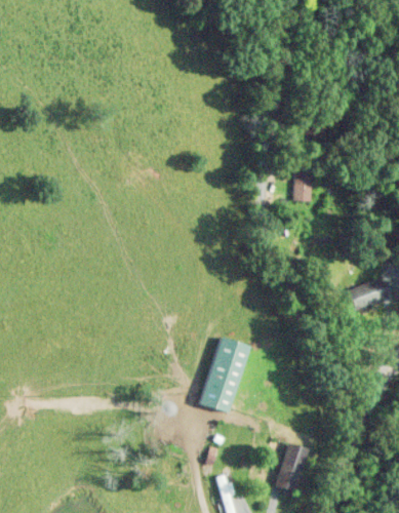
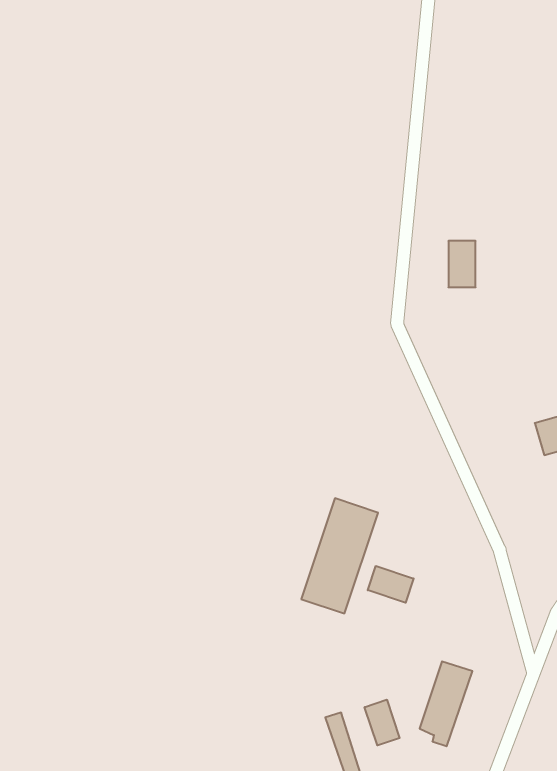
building: none -> [368,566,414,603]
building: none -> [365,700,400,745]

